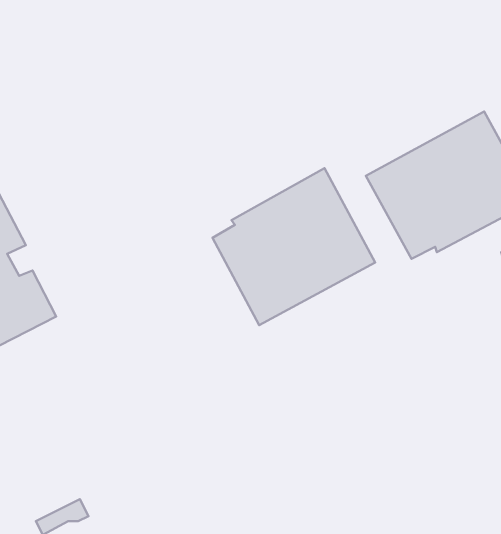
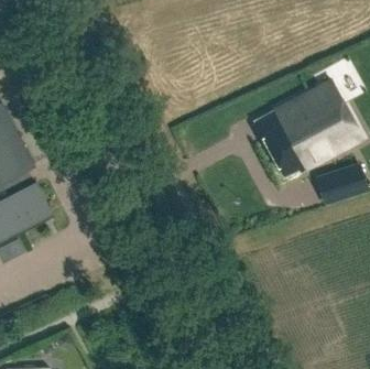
building: [213,168,375,325] -> none

